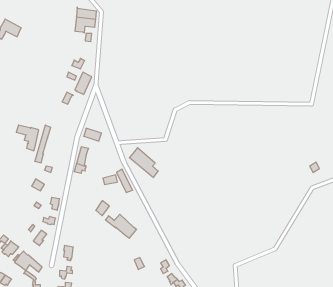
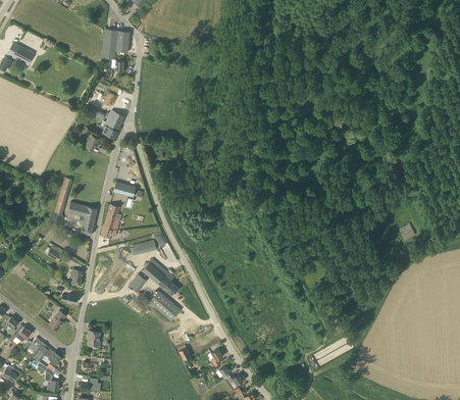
building: [16,125,39,151] -> [68,202,97,235]
building: [129,148,158,178] -> [142,257,178,295]

